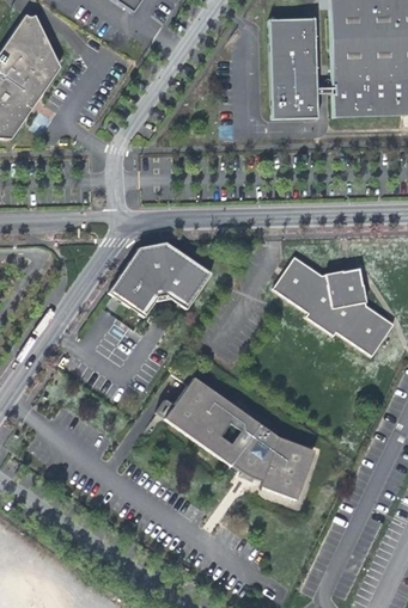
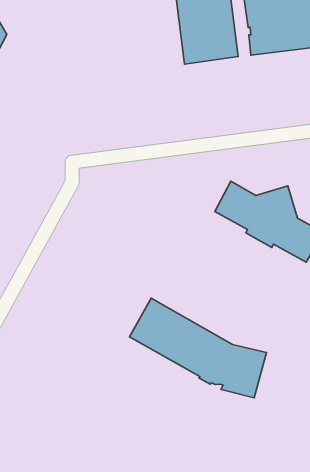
building: [110,241,213,317] -> none

